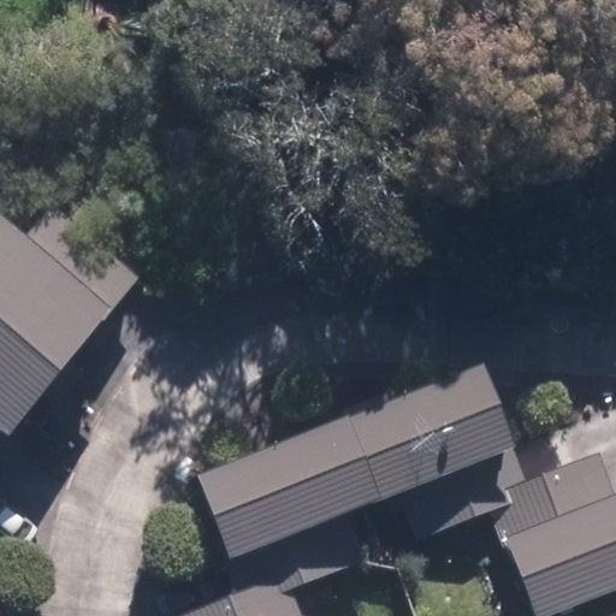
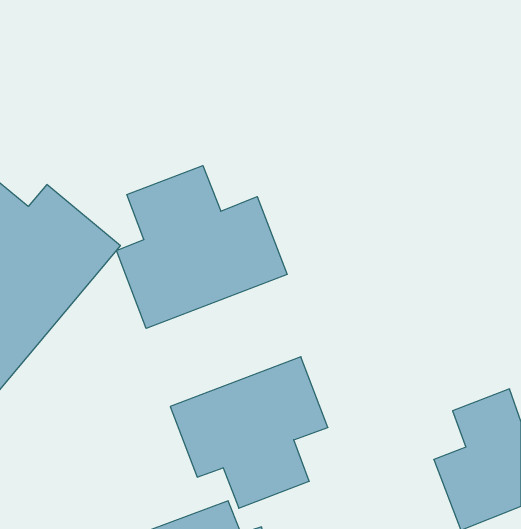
building: none -> [116,166,287,328]
building: [349,362,516,541] -> none

